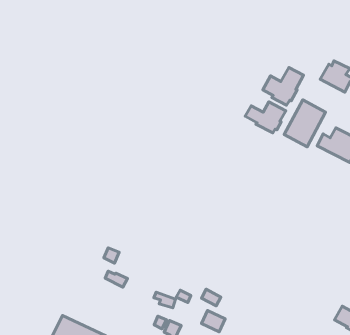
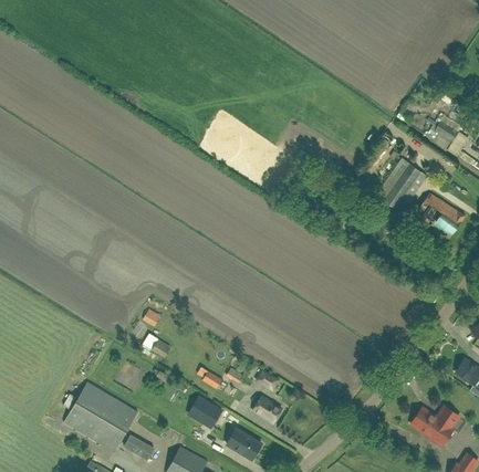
building: [263,67,304,105] -> none
building: [245,102,286,133] -> none

